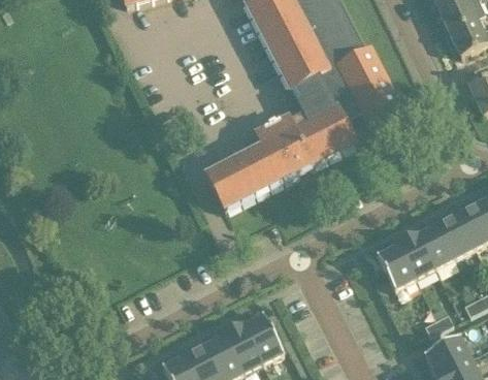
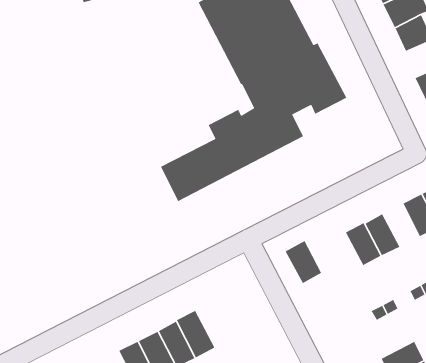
building: [436,212,475,257] -> none
building: [377,242,416,288] -> [284,239,322,284]
building: [242,312,284,361] -> none
building: [425,334,469,373] -> none

